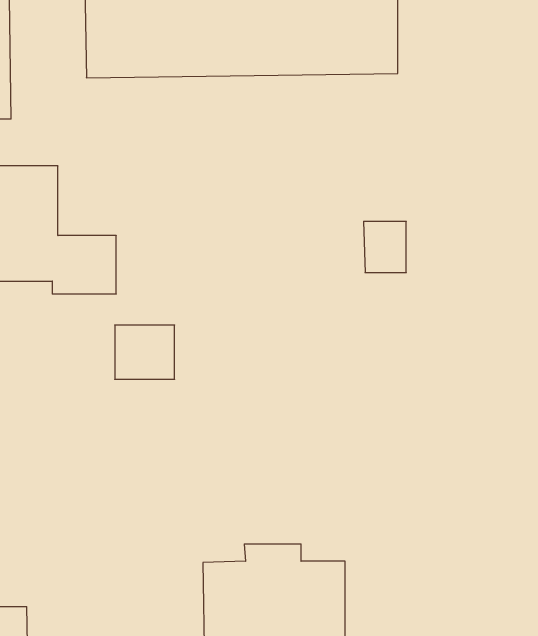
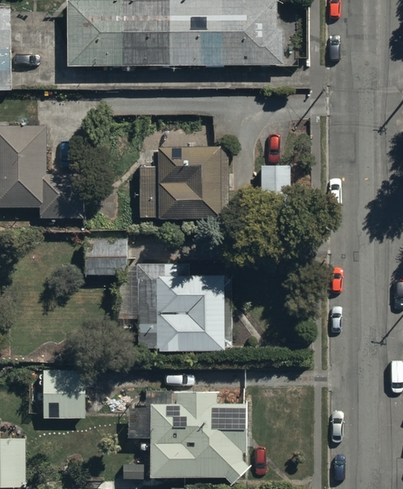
building: none -> [139,150,227,222]
building: none -> [139,268,227,352]
building: none -> [43,379,85,420]

